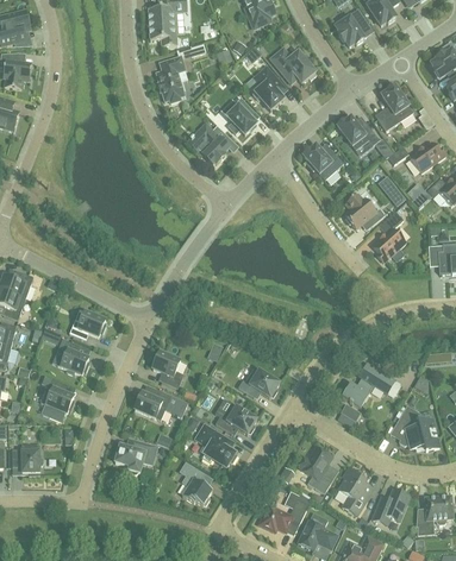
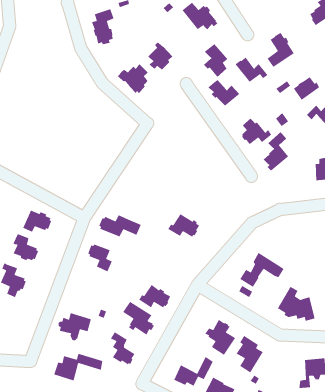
building: [251,65,283,109] -> [203,43,229,78]
building: [237,366,279,397] -> [167,213,200,238]
building: [132,389,187,418] -> [98,214,142,238]
building: none -> [53,353,103,382]
building: [371,490,408,523] -> none

